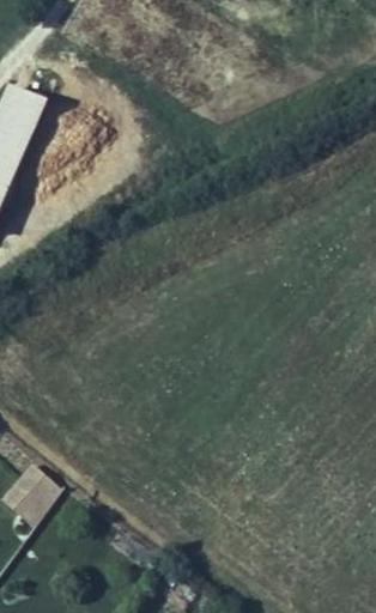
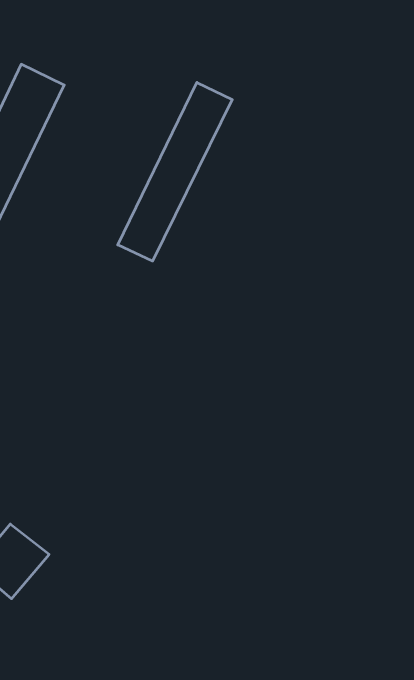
building: none -> [118,82,232,261]

